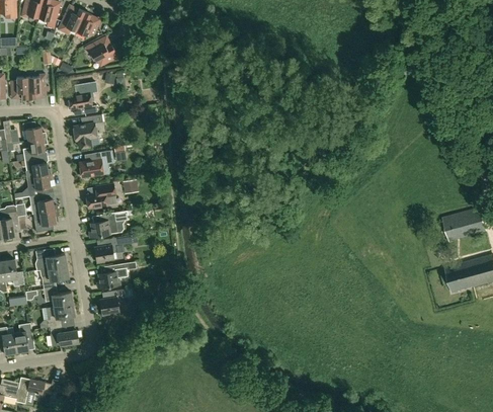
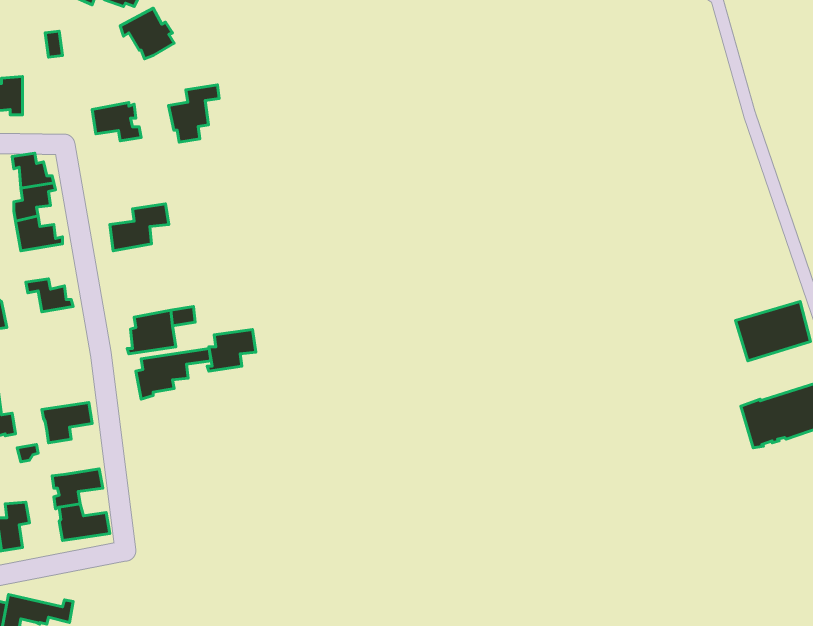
building: [28,75,47,99] -> none
building: [73,114,102,148] -> [169,85,219,142]
building: [27,174,53,196] -> none
building: [85,184,115,209] -> none
building: [33,211,59,233] -> none
building: [35,249,67,270] -> none
building: [97,264,126,289] -> [207,329,256,371]
building: [44,287,73,308] -> none
building: [100,290,126,316] -> none

